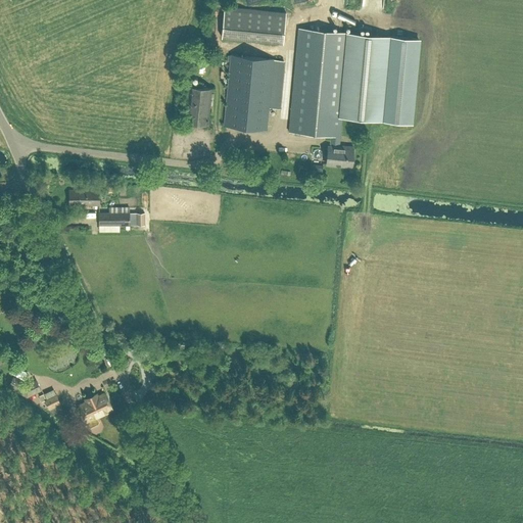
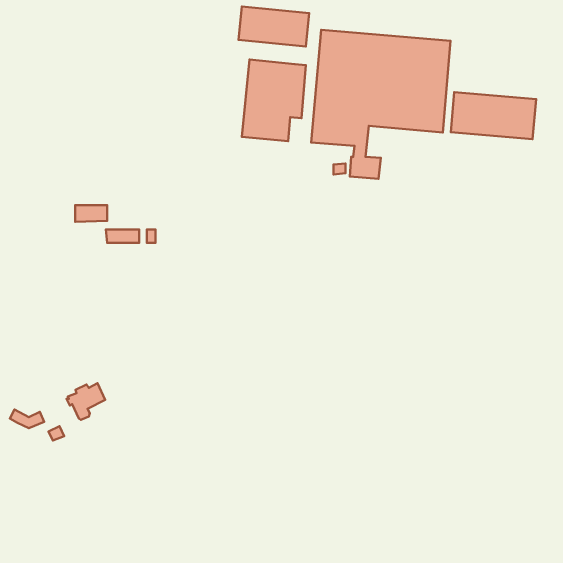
building: none -> [451,92,536,139]
building: [186,88,211,125] -> none
building: [79,393,114,427] -> [67,383,105,420]

